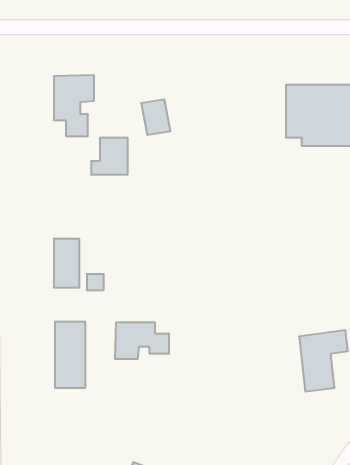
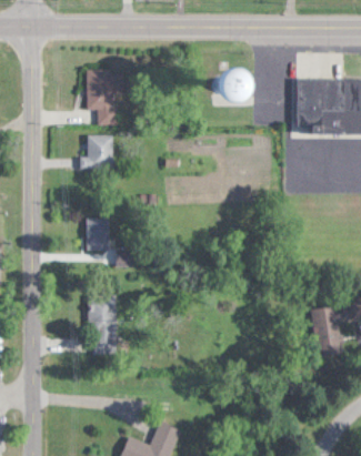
building: [141,99,170,135] -> [219,73,245,105]
building: [91,138,128,175] -> [80,135,113,169]
building: [115,322,169,359] -> none

